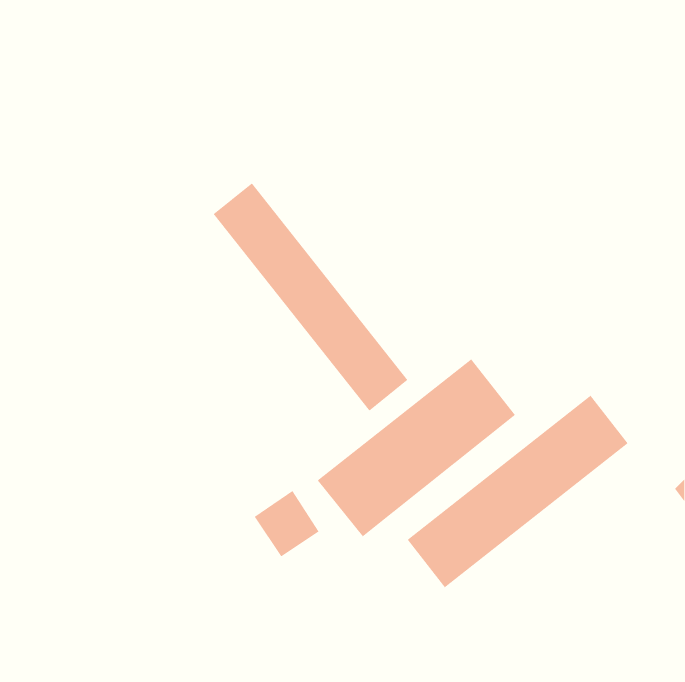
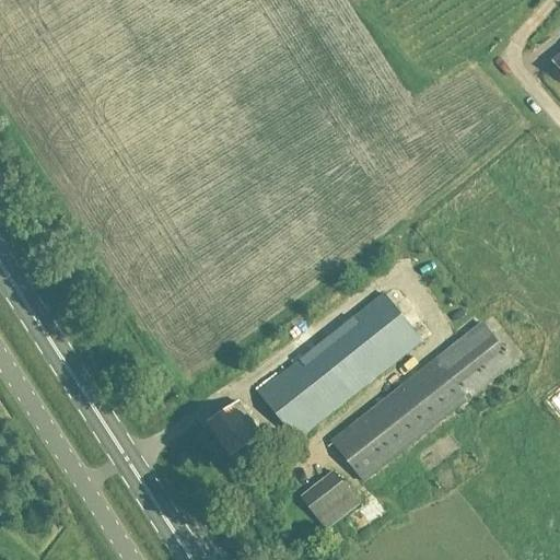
building: [213,182,408,411] -> none
building: none -> [300,469,357,526]

